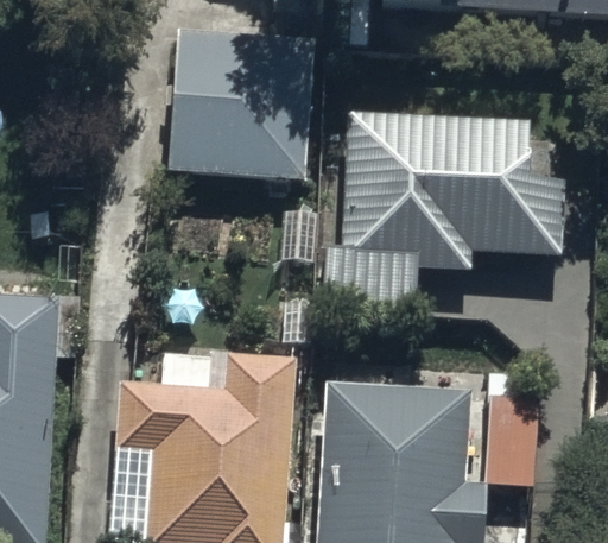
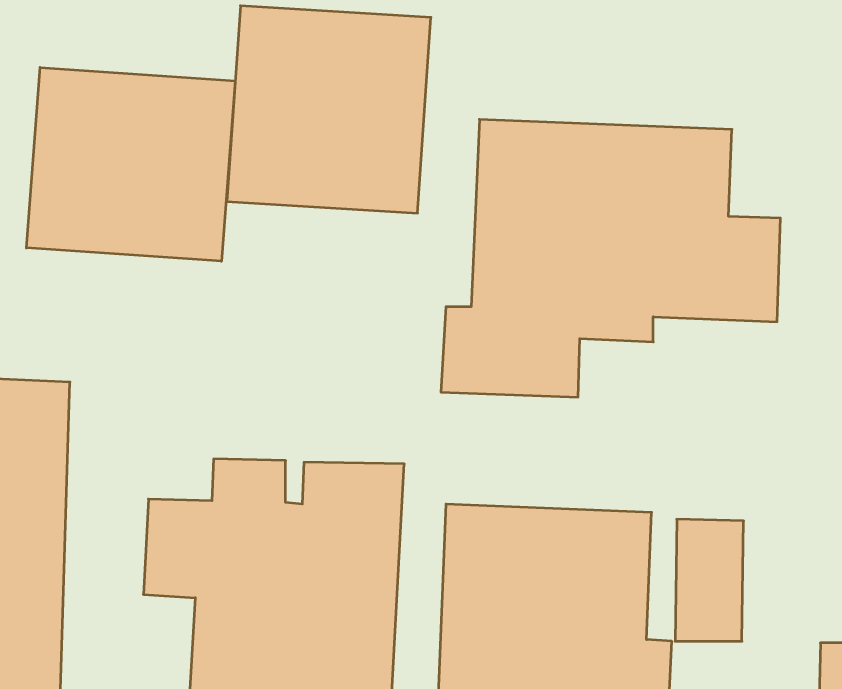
building: none -> [26,67,235,261]

